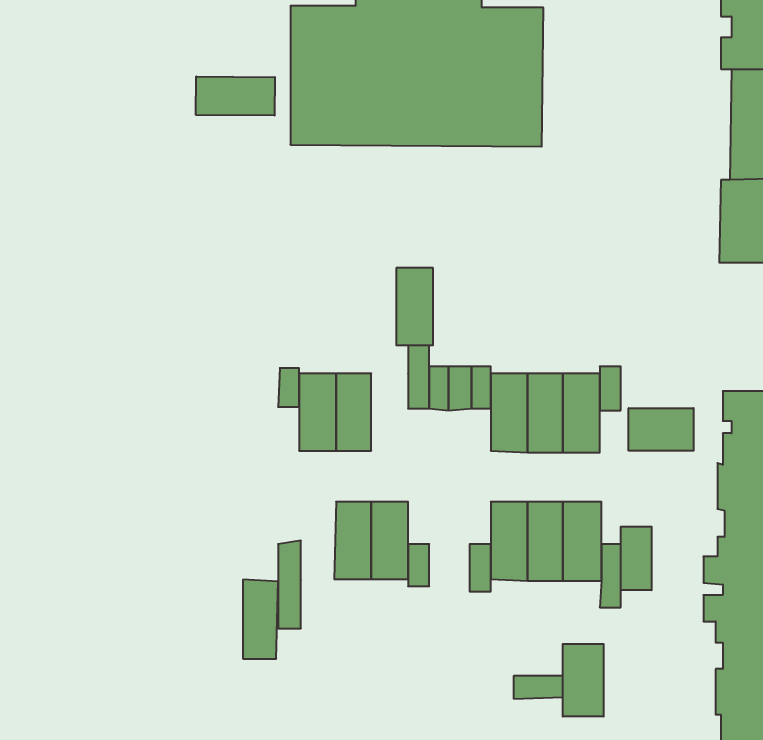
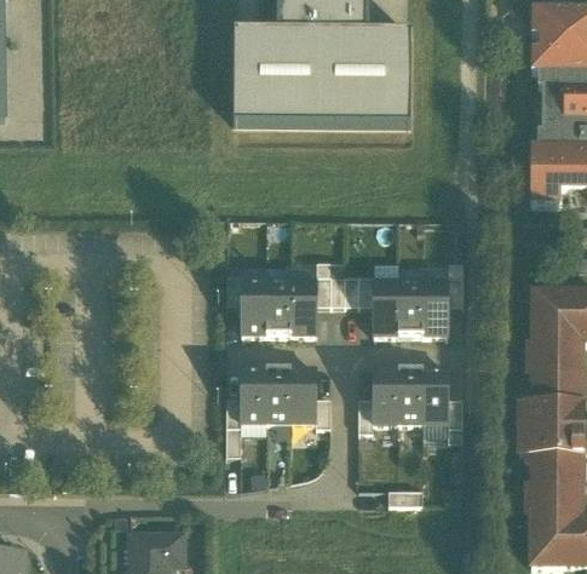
building: [196,76,275,116] -> none
building: [396,268,433,345] -> [290,280,316,333]
building: [629,408,694,451] -> none
building: [621,527,652,590] -> none
building: [243,580,278,659] -> [242,367,266,421]
building: [563,644,604,717] -> none

